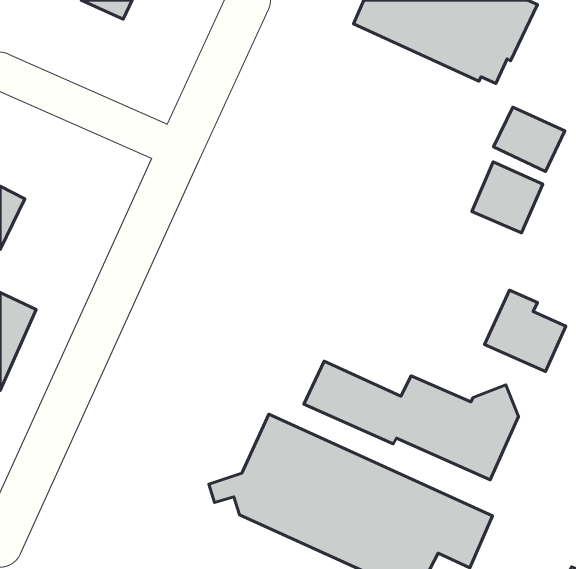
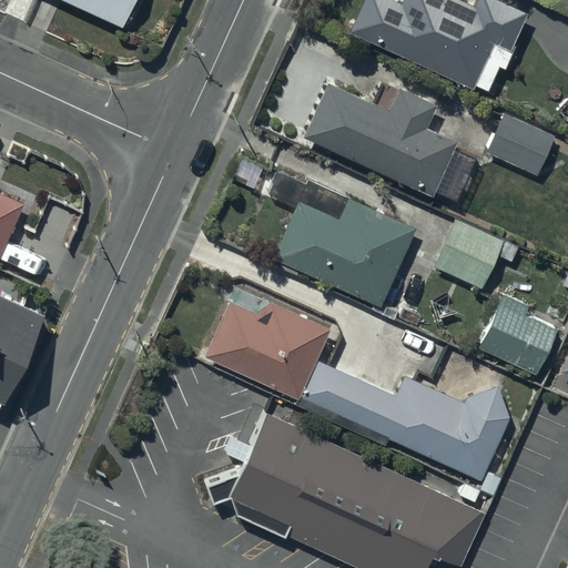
building: none -> [303,82,456,193]
building: [472,162,543,233] -> [434,219,504,288]
building: none -> [272,199,416,306]
building: none -> [205,302,328,397]

